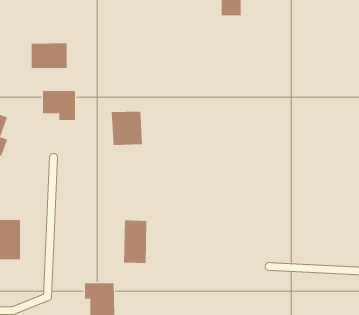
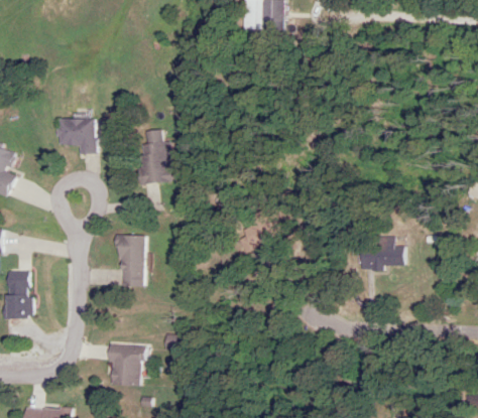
building: [31,43,67,69] -> none
building: none -> [366,244,409,268]
building: [123,220,147,264] -> [114,235,142,286]

